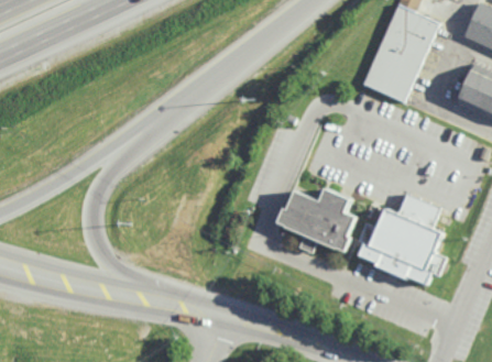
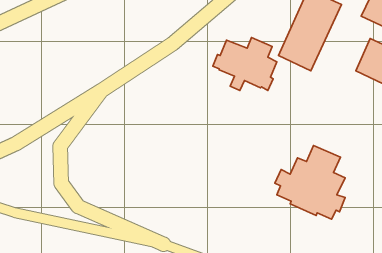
building: [278,188,357,253] -> [213,38,277,91]

